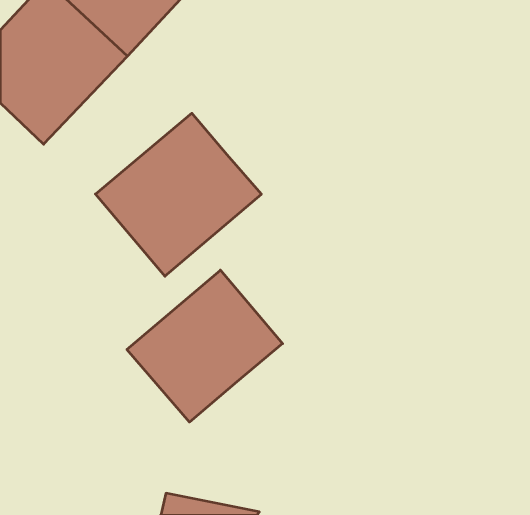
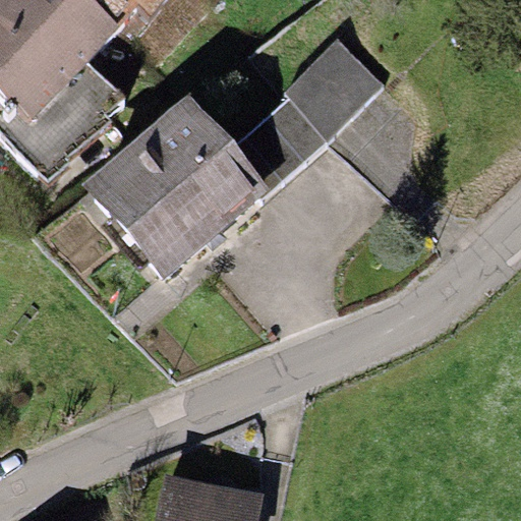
building: none -> [223,40,381,193]
building: [127,270,283,422] -> none

